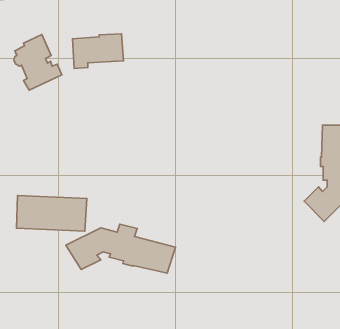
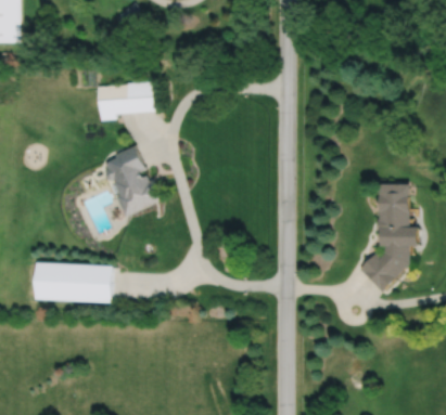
building: [14,34,62,90] -> [105,145,160,208]
building: [66,224,175,273] -> none

